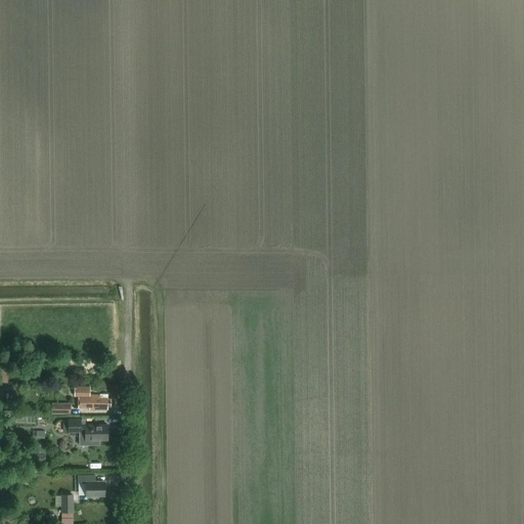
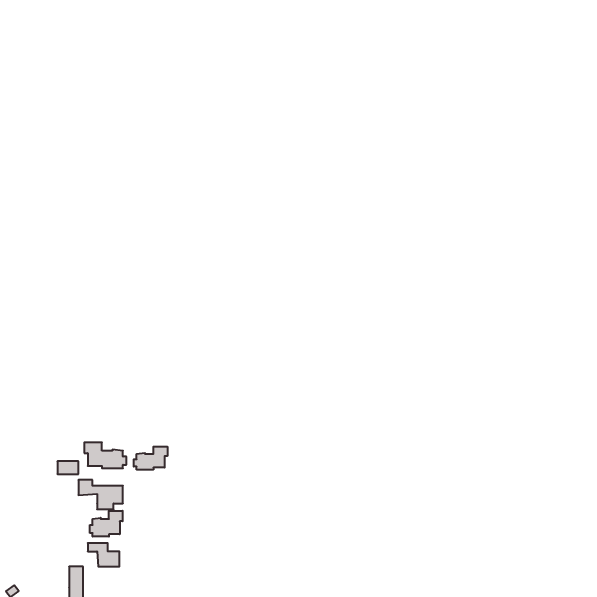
building: none -> [134,447,167,470]
building: none -> [90,511,123,537]

